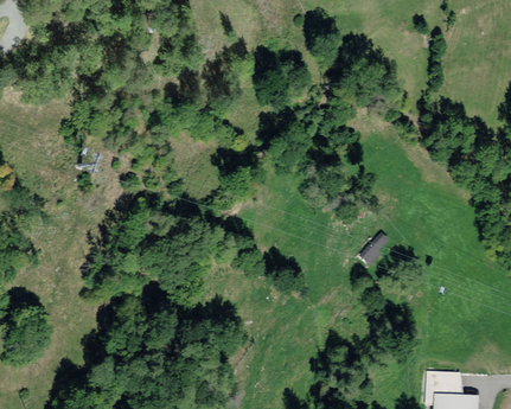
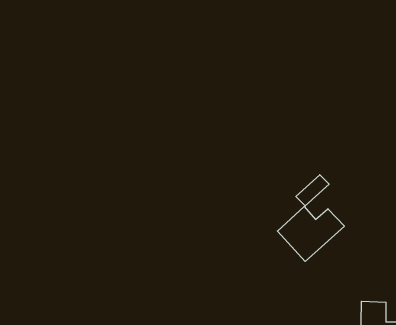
building: none -> [277,207,344,261]

